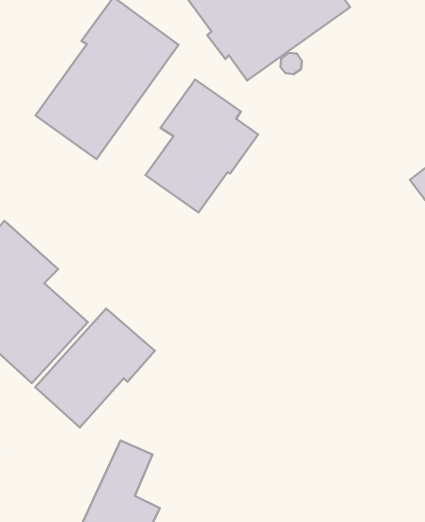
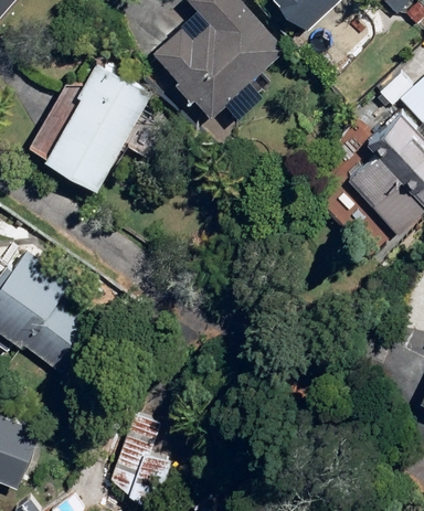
building: [145,80,258,213] -> none
building: [35,308,155,428] -> none

